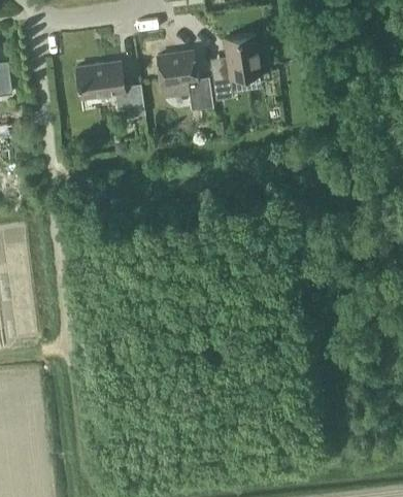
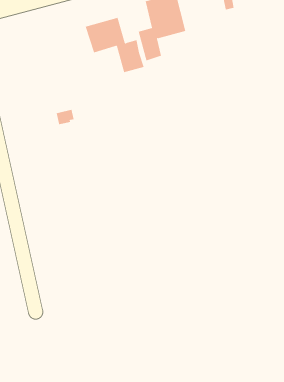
building: [76,63,145,119] -> none

